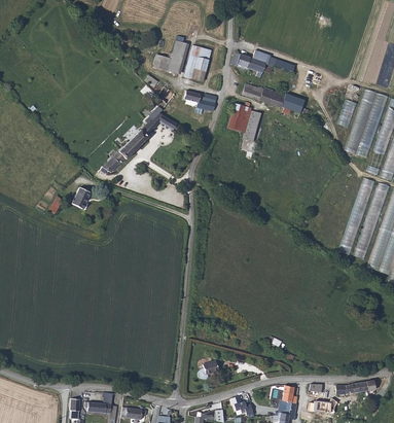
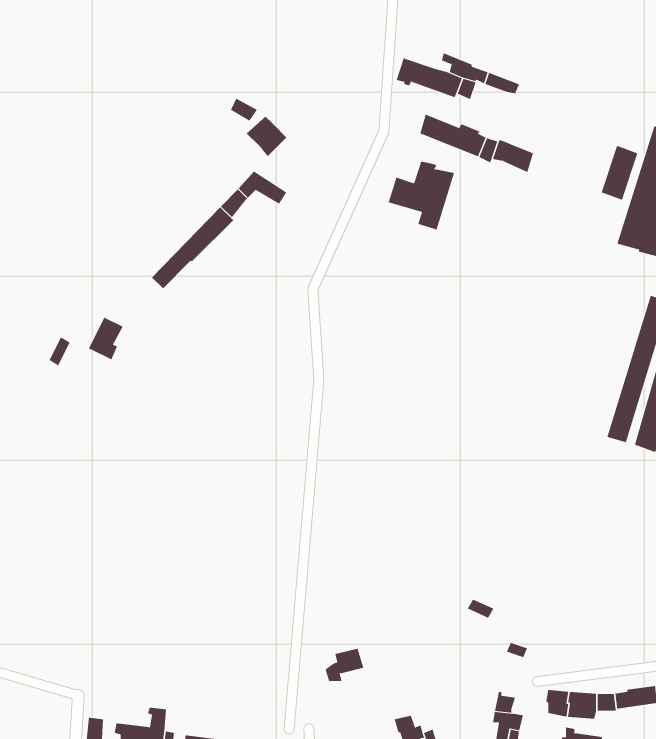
building: [156,43,185,75] -> none
building: [183,44,212,80] -> none
building: [184,90,218,111] -> none

